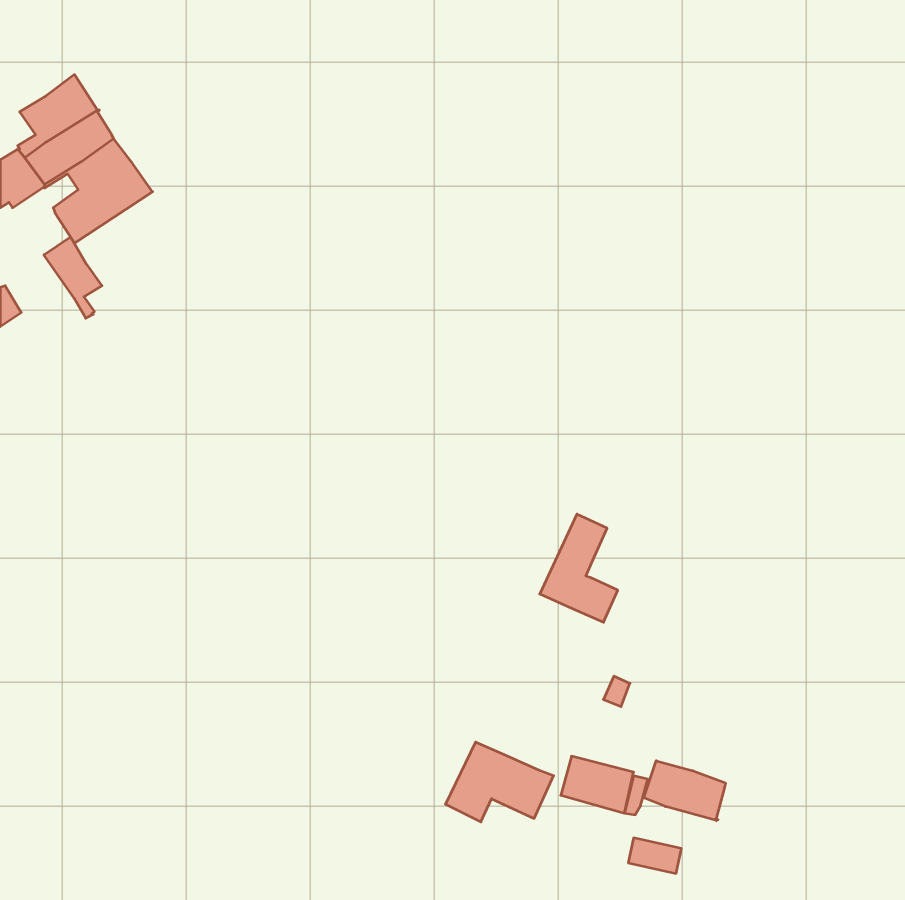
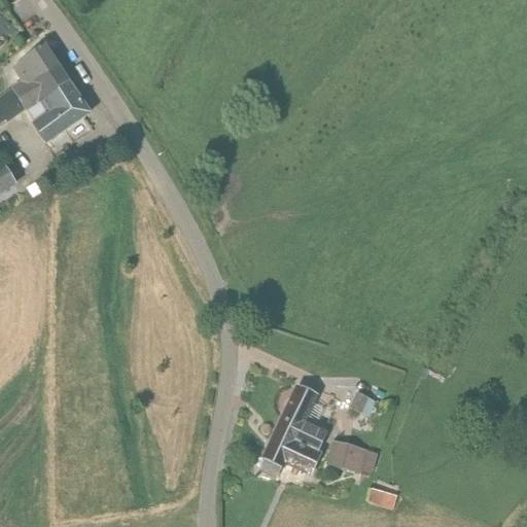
building: [44,237,102,318] -> none
building: [540,514,618,622] -> [277,384,322,447]
building: [644,761,725,821] -> none

